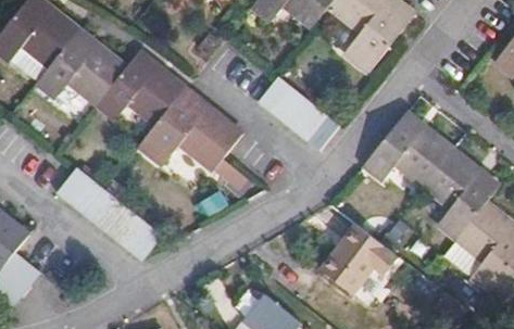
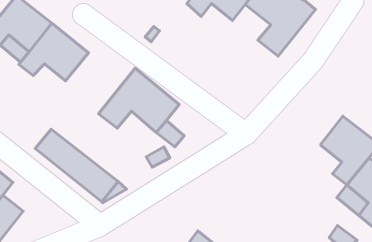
building: [96,52,185,125] -> none
building: [259,75,340,149] -> none
building: [363,113,451,186] -> none
building: [319,223,401,295] -> none

